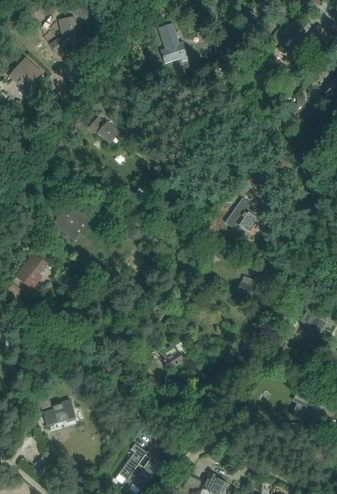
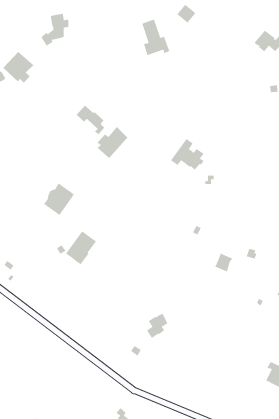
building: none -> [97,126,128,159]
building: [225,198,262,233] -> [170,138,205,170]
building: [14,251,48,290] -> [65,231,97,267]
building: [44,399,75,425] -> none

